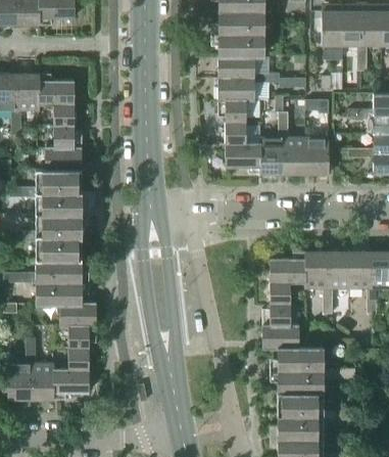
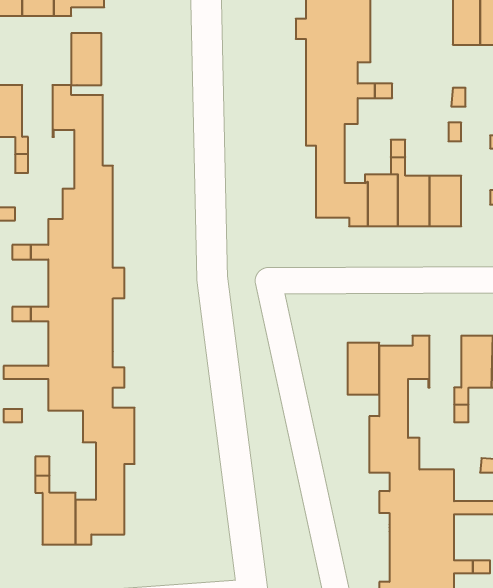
building: [16,74,38,110] -> [71,33,101,85]
building: [305,252,328,288] -> [348,343,379,395]
building: [7,363,31,400] -> none

